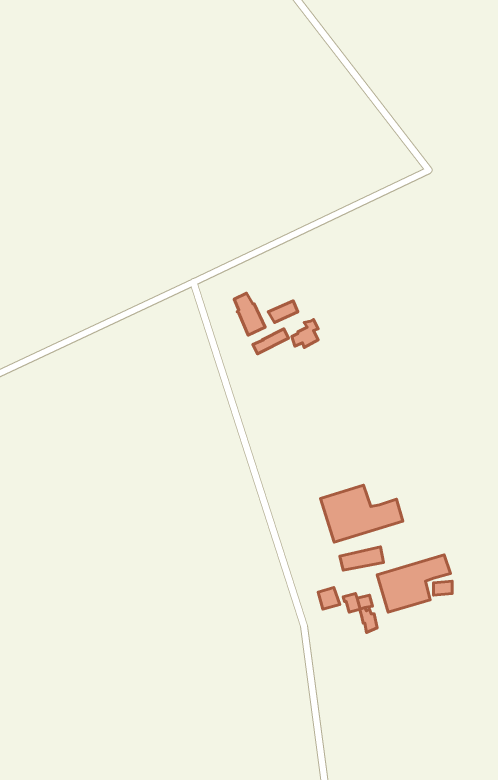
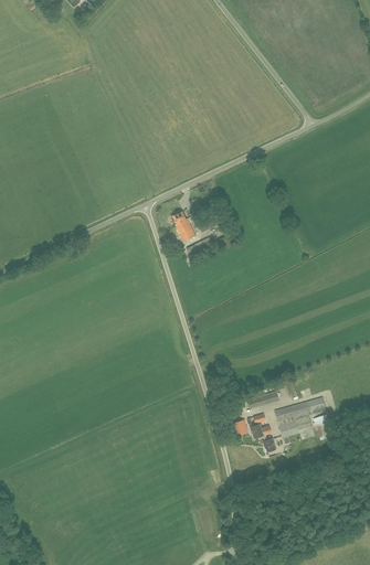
building: [320,485,403,542] -> none

